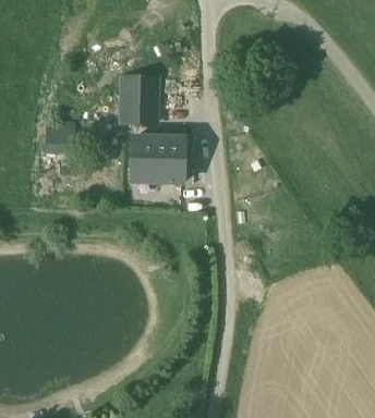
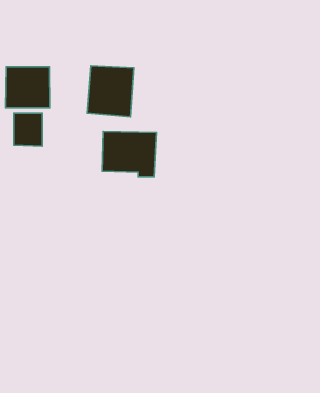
building: none -> [5,67,50,108]

